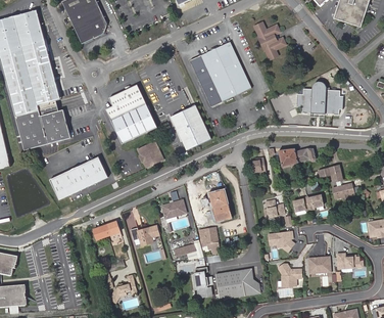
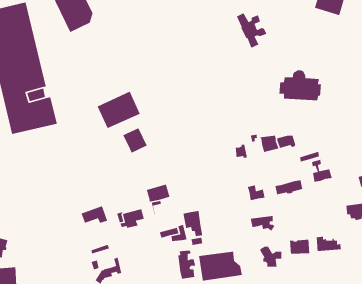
building: [189,41,250,105] -> none
building: [105,84,144,119] -> none
building: [170,104,210,150] -> none
building: [48,156,106,198] -> none
building: [195,189,230,222] -> none

